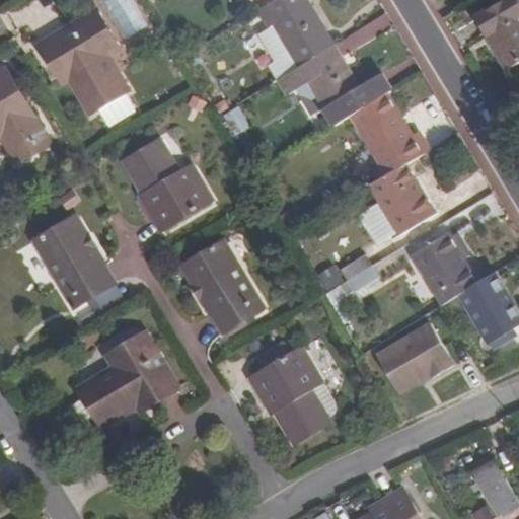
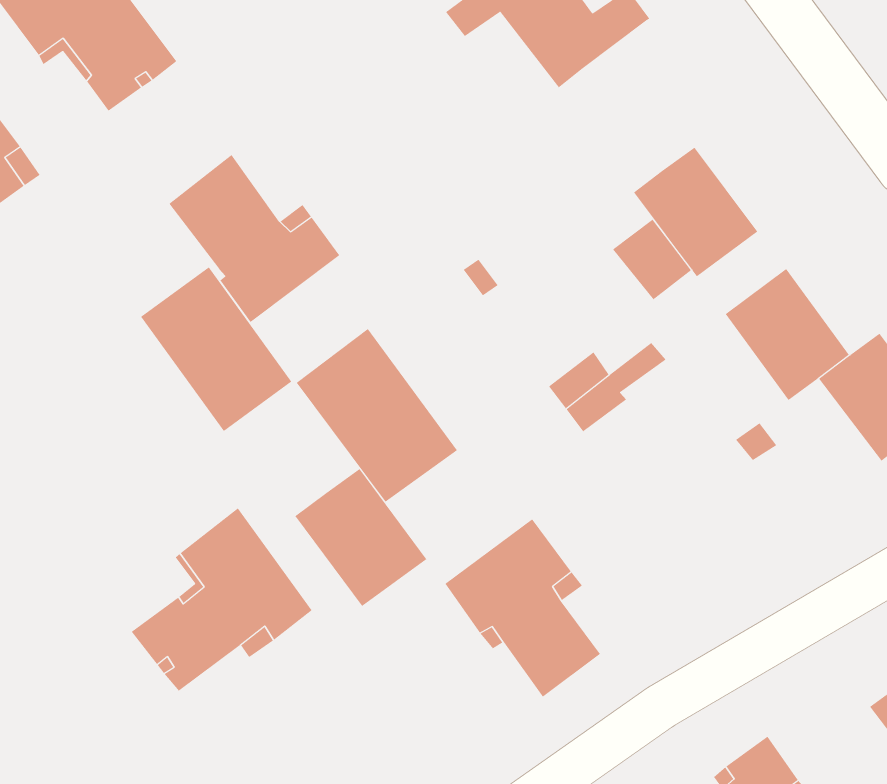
building: [350,92,430,173] -> none
building: [34,217,113,306] -> [140,266,292,432]
building: none -> [295,468,427,607]
building: [382,323,438,387] -> none

